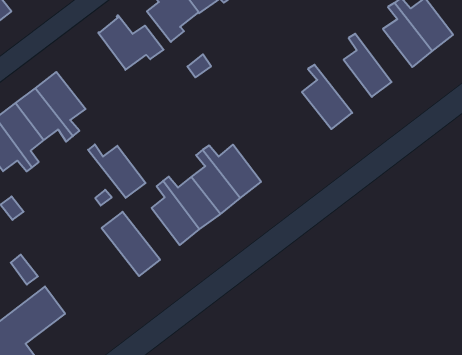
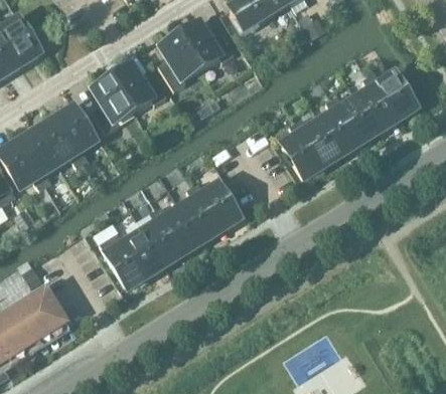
building: none -> [332,93,379,142]
building: none -> [93,73,133,132]
building: none -> [295,117,341,165]
building: [88,144,146,198] -> [119,226,165,274]

